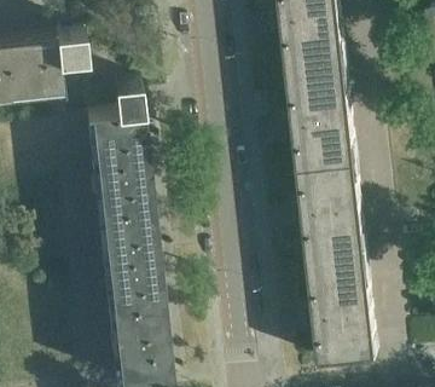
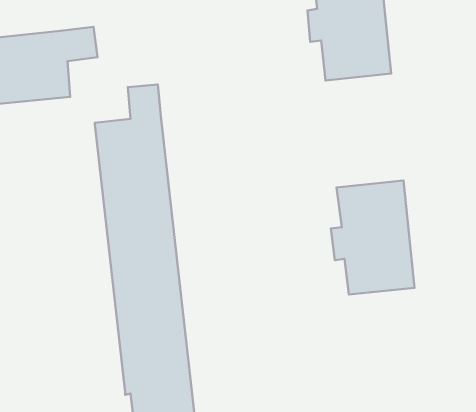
building: [284,75,358,175] -> none
building: [306,264,378,366] -> none

